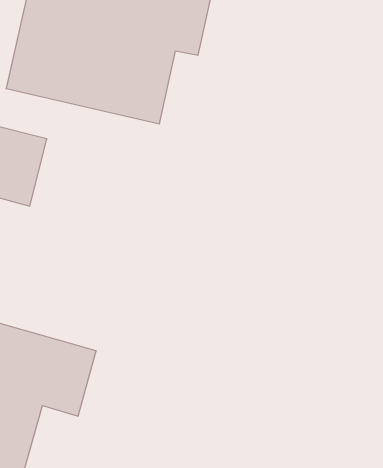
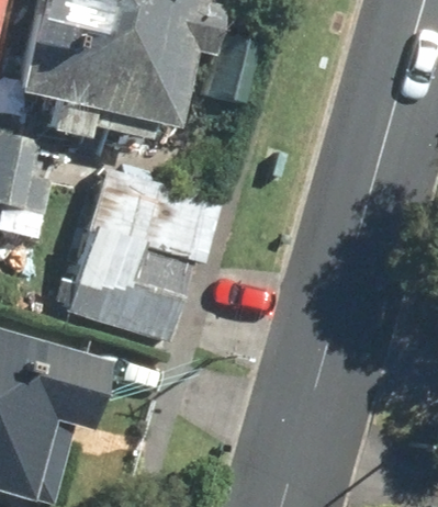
building: none -> [88,168,217,261]
building: none -> [58,236,186,341]

